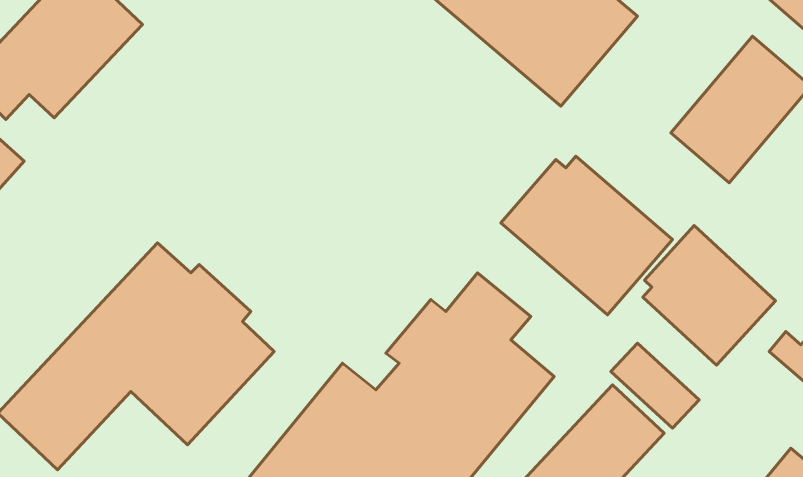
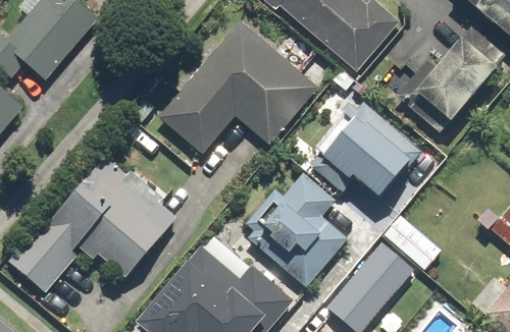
building: none -> [158,19,321,155]
building: [643,226,775,365] -> none

